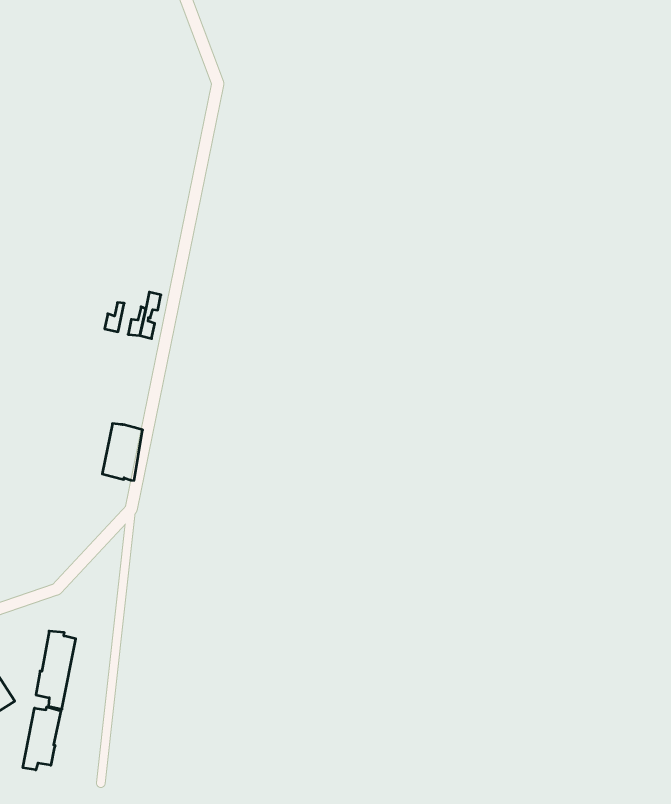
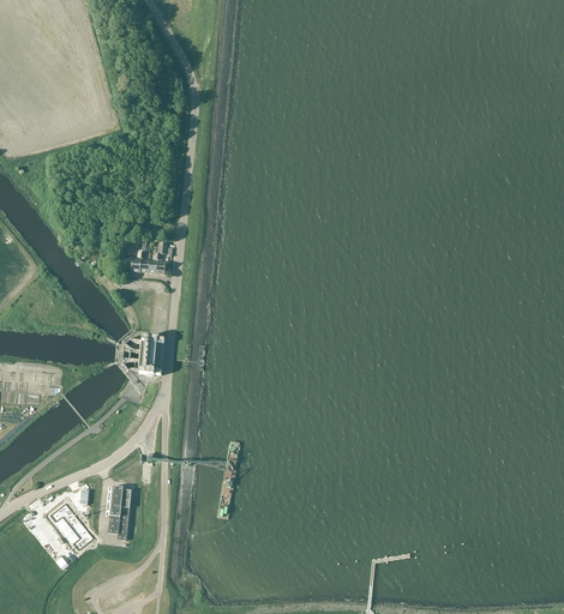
building: [23,707,61,770] -> none

